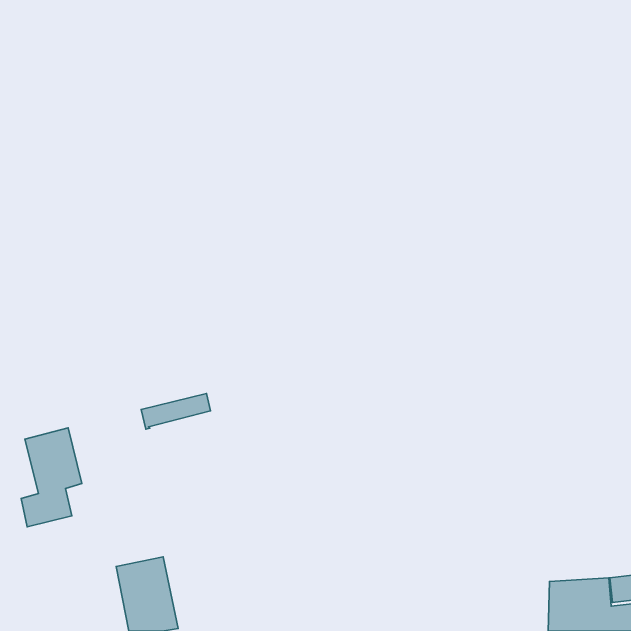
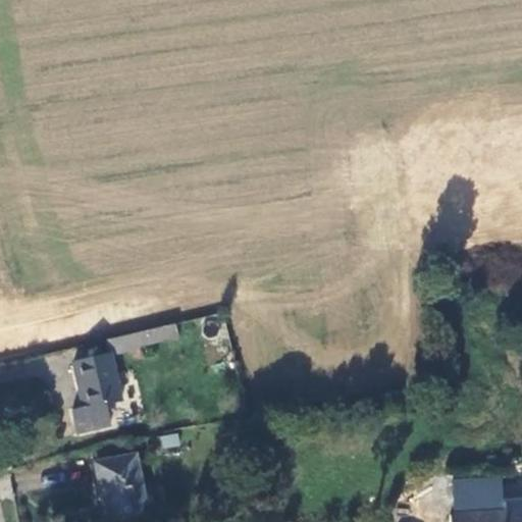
building: [21,428,82,527] -> [71,353,121,434]

